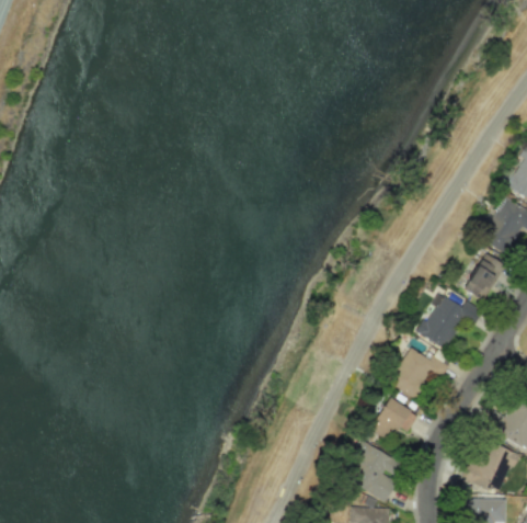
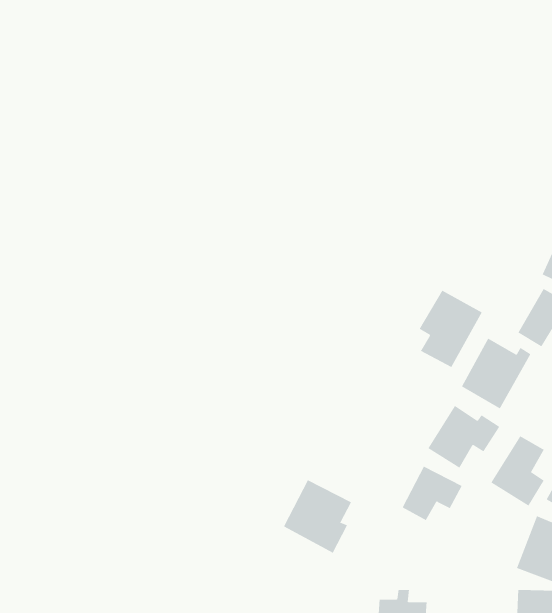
building: none -> [419,290,483,368]
building: none -> [491,435,545,506]
building: [345,442,401,502] -> [283,479,352,553]

